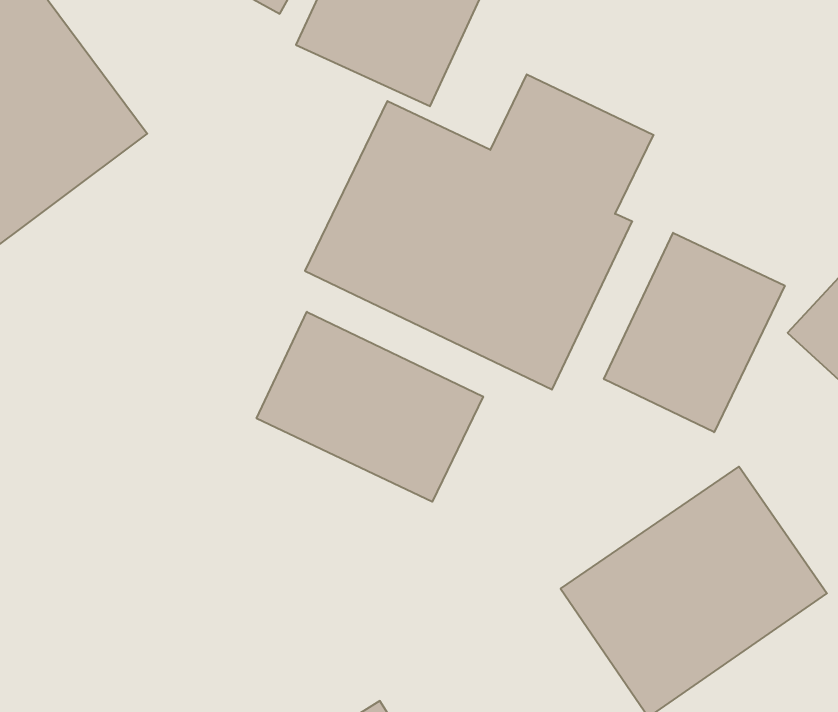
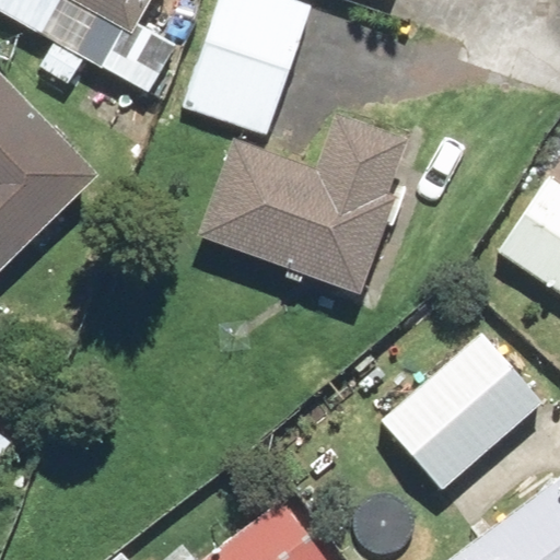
building: [604,233,785,432] -> none
building: [257,312,483,502] -> none

